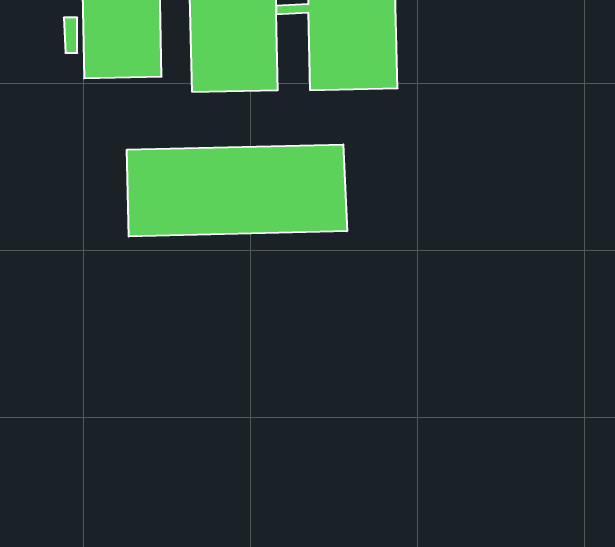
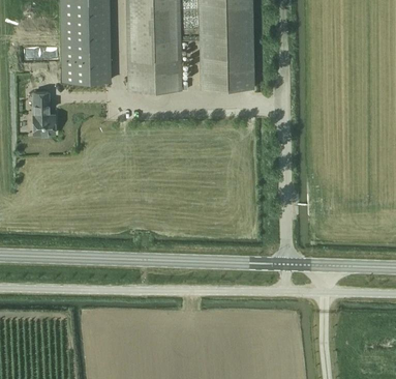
building: none -> [33,93,56,136]
building: [127,144,347,237] -> none

